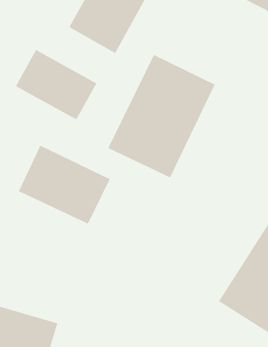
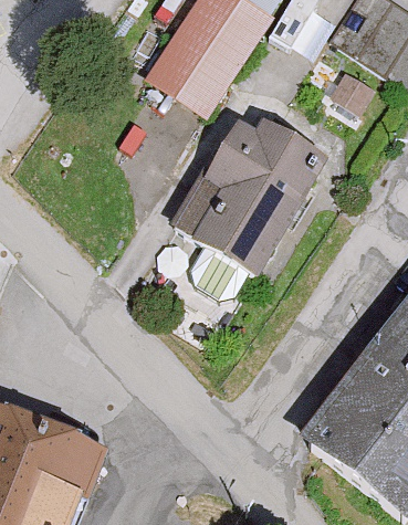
building: [15,49,97,120] -> none
building: [18,145,111,225] -> none

